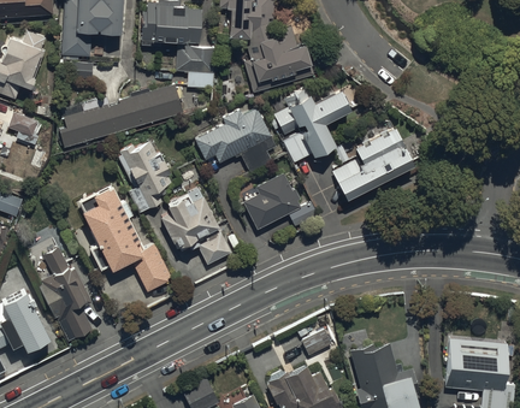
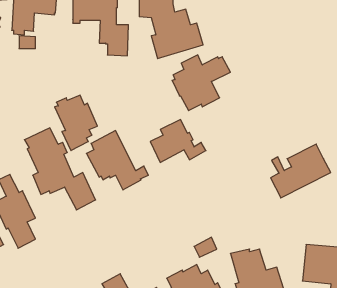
building: [59,84,184,148] -> none
building: [195,107,277,173] -> none
building: [333,128,413,199] -> [271,144,331,198]

